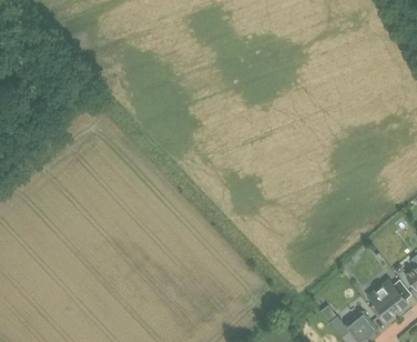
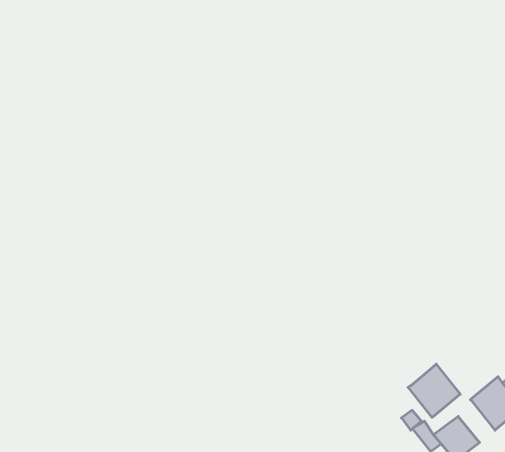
building: none -> [408,364,460,417]

